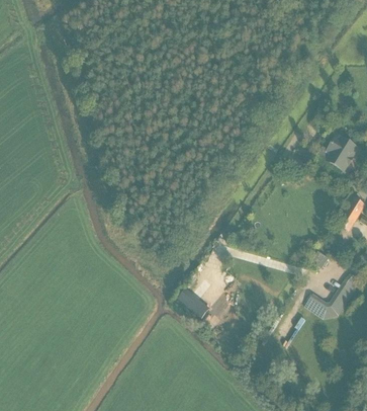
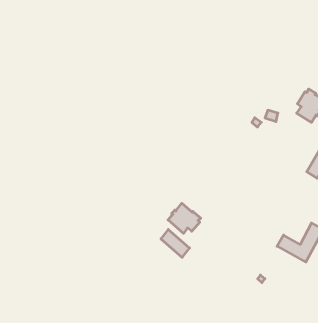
building: none -> [168,203,201,233]

